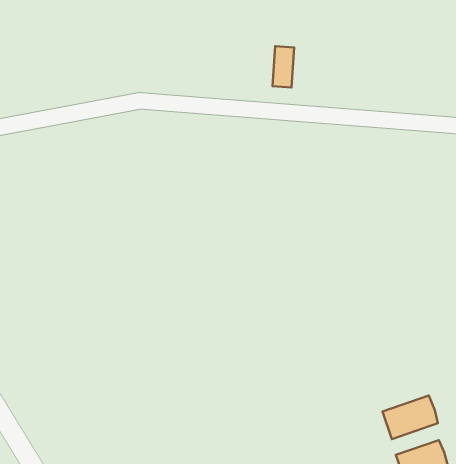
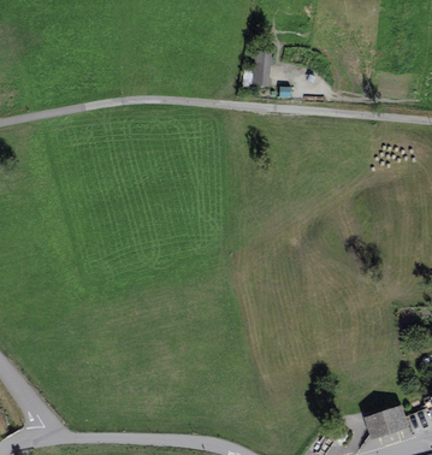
building: [383,396,438,439] -> none

